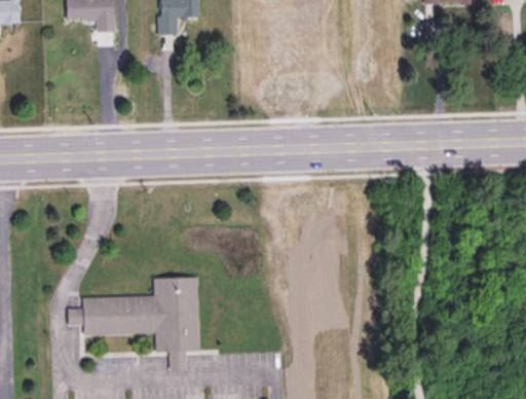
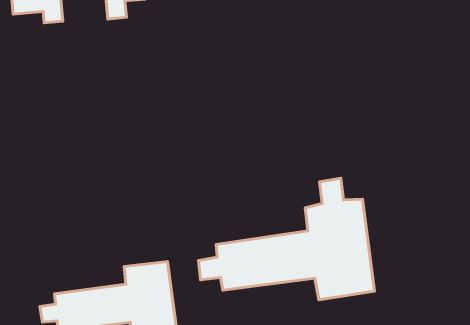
building: none -> [198,178,375,300]

